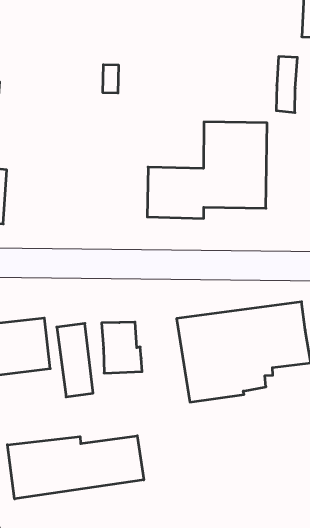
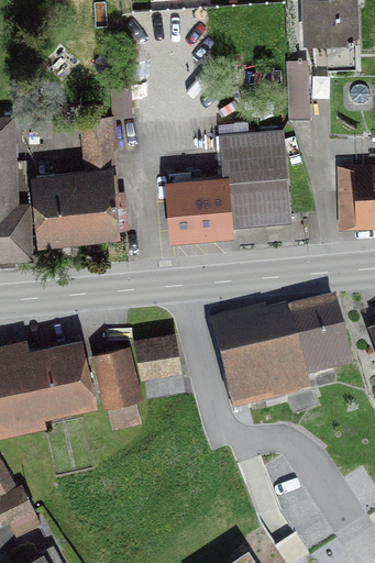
building: none -> [34,106,124,236]
building: [7,436,144,499] -> none

